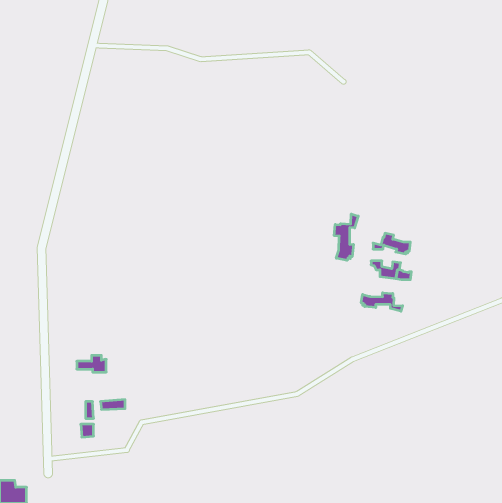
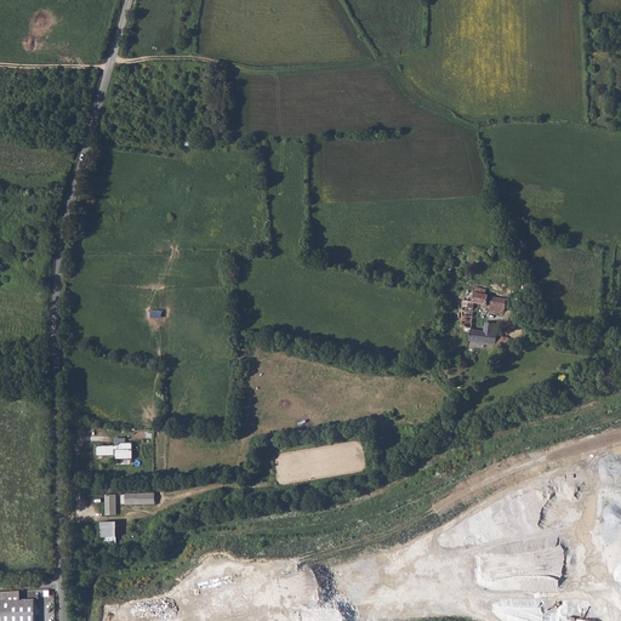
building: [334,214,358,260] -> none
building: [361,293,403,311] -> none

